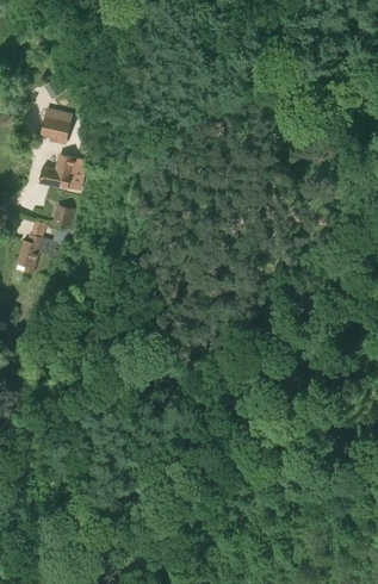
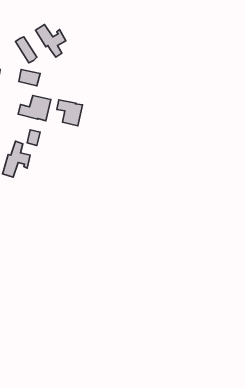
building: none -> [36,24,66,57]
building: none -> [57,100,83,126]

